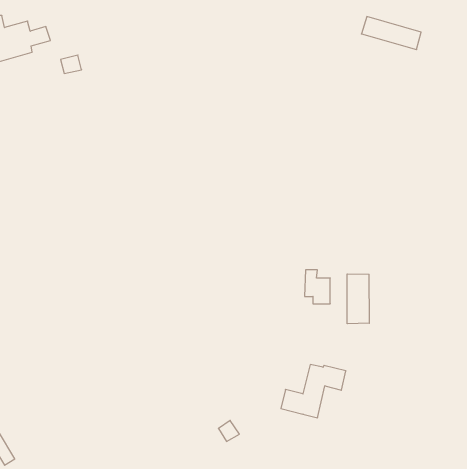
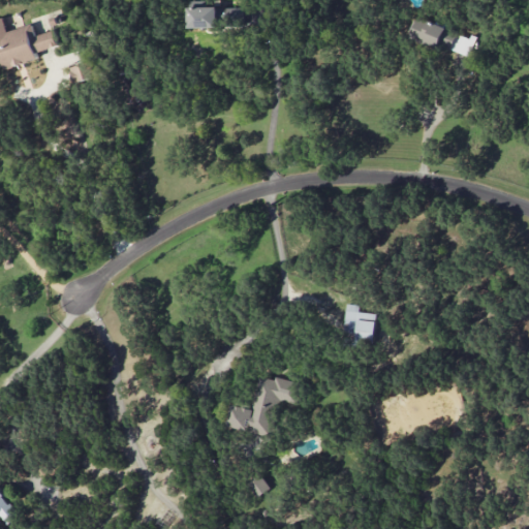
building: none -> [185,6,216,28]
building: [347,274,369,324] -> none
building: [281,365,346,418] -> [227,376,301,436]

